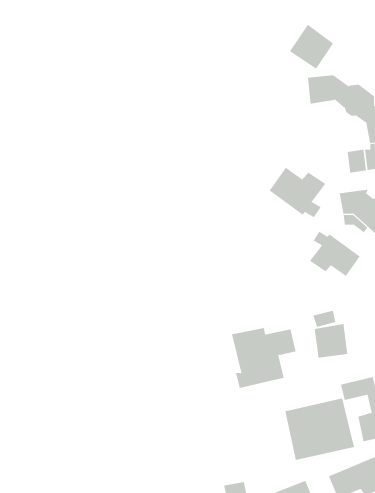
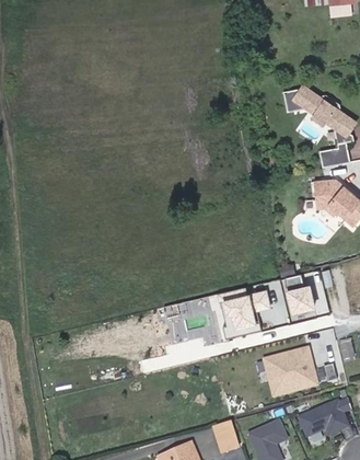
building: [289,24,334,70] -> none
building: [269,167,326,218] -> none
building: [309,231,361,277] -> none

